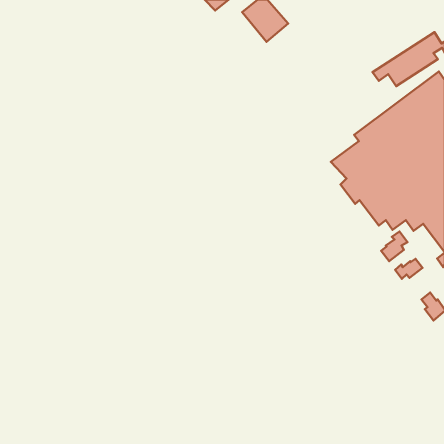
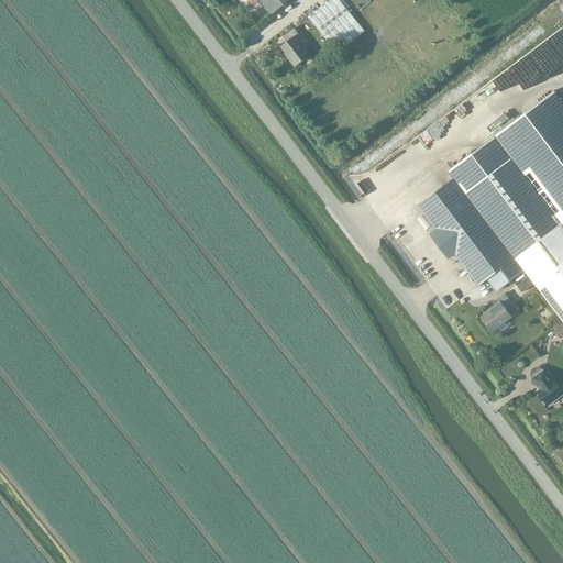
building: none -> [283,27,310,65]
building: [395,259,423,279] -> none

